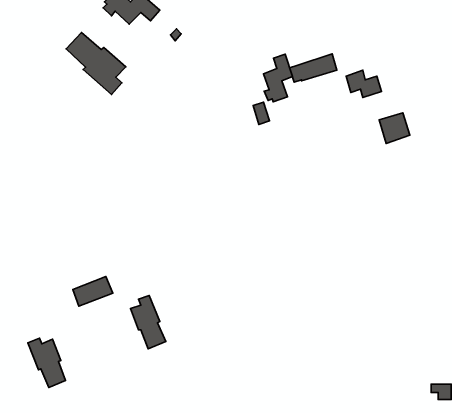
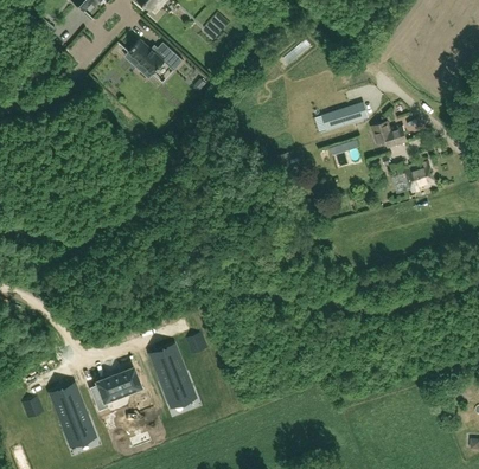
building: [66,33,126,95] -> none
building: [264,54,292,102] -> none
building: [73,277,113,306] -> [98,370,139,399]

